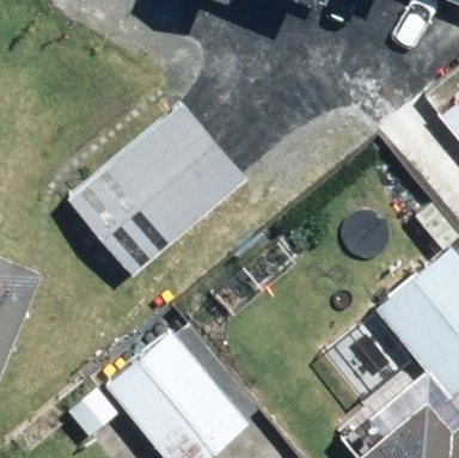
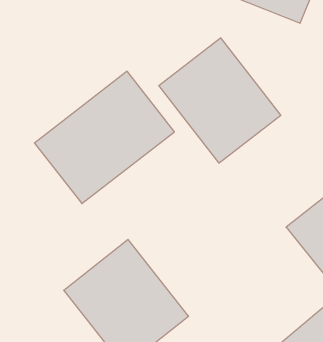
building: none -> [159,38,281,163]

